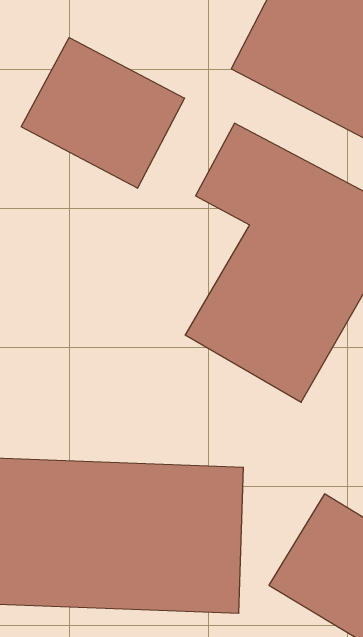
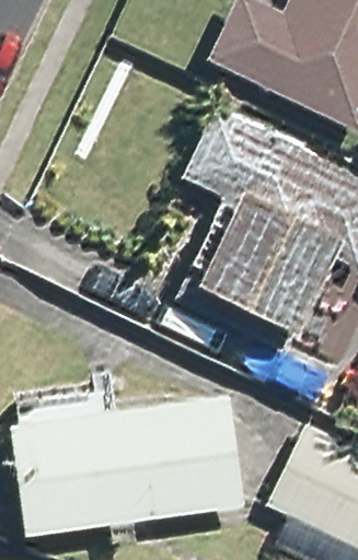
building: [21,38,185,188] -> none

